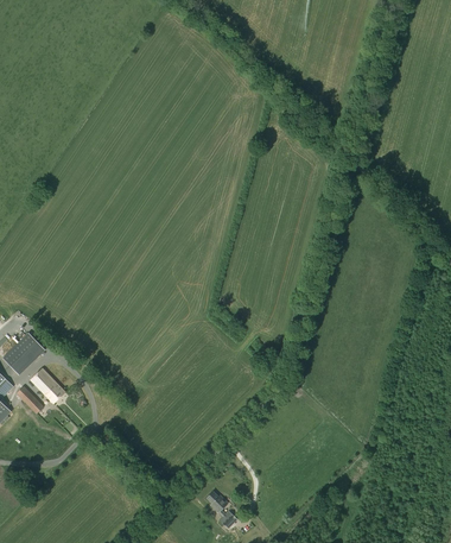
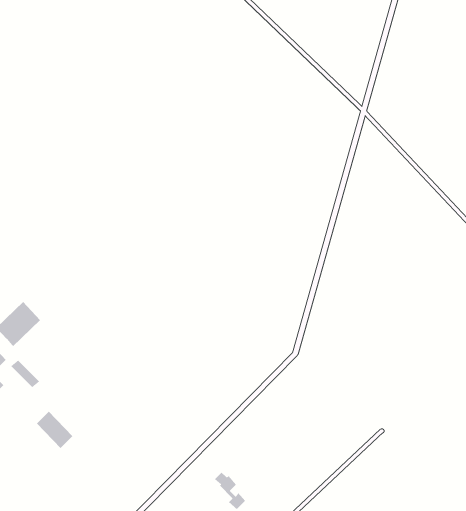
building: [30,367,64,403] -> [36,411,73,449]

